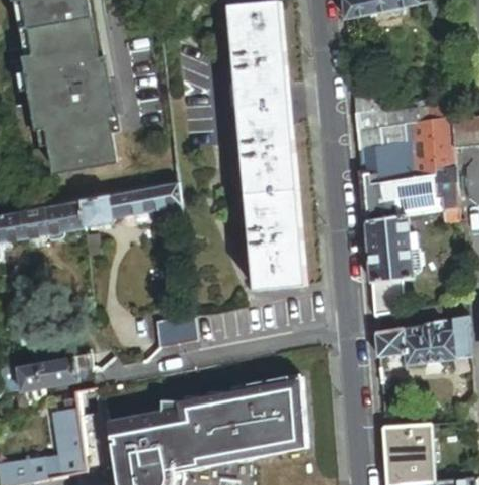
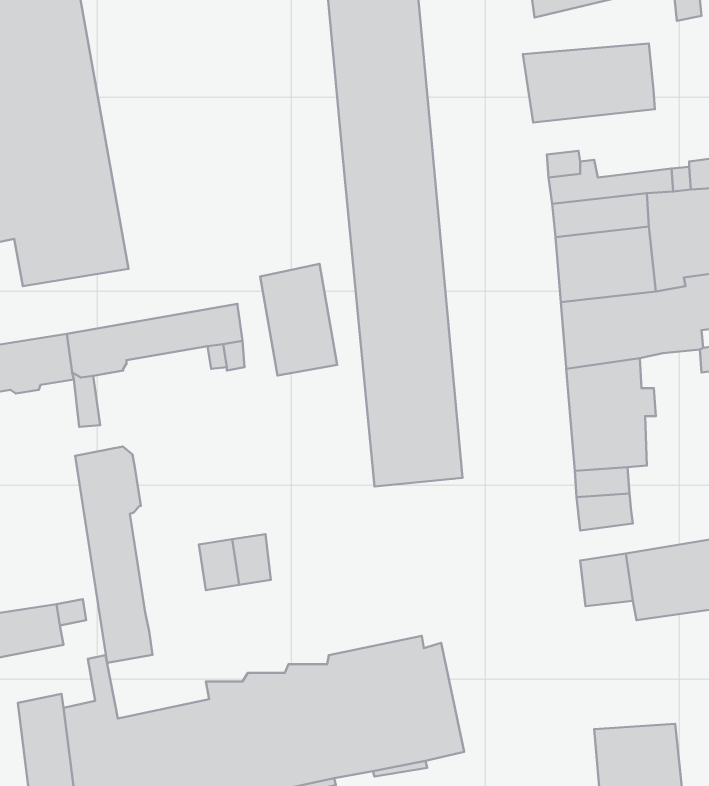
building: none -> [523,43,655,122]
building: none -> [260,264,337,376]
building: none -> [75,447,153,663]

